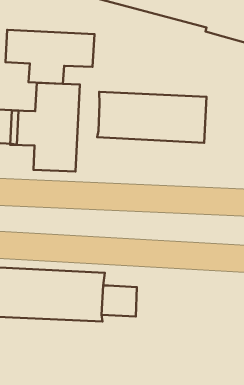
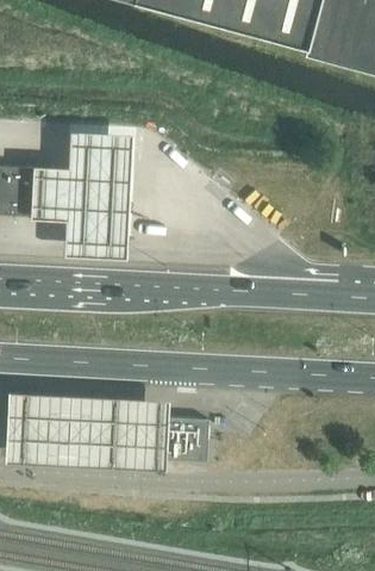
building: [5,30,95,84] -> none
building: [97,92,207,143] -> none

